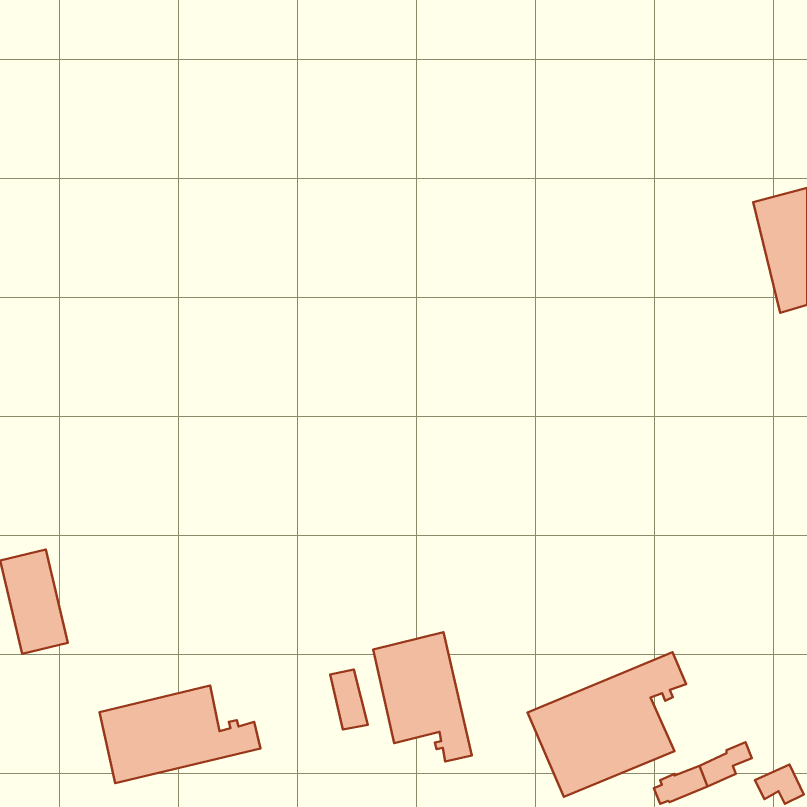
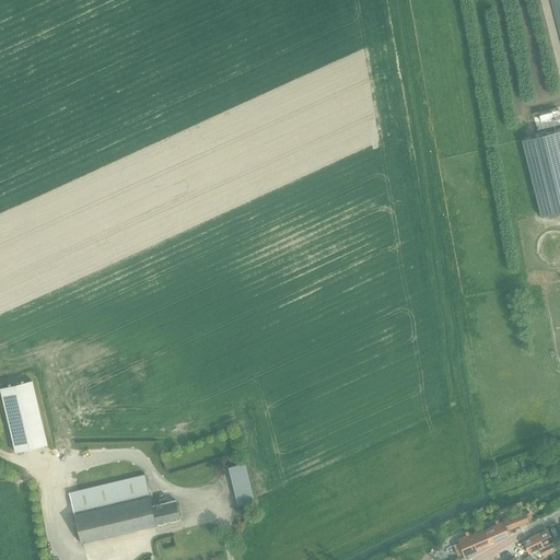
building: [373,632,472,762] -> none
building: [528,652,686,797] -> none

